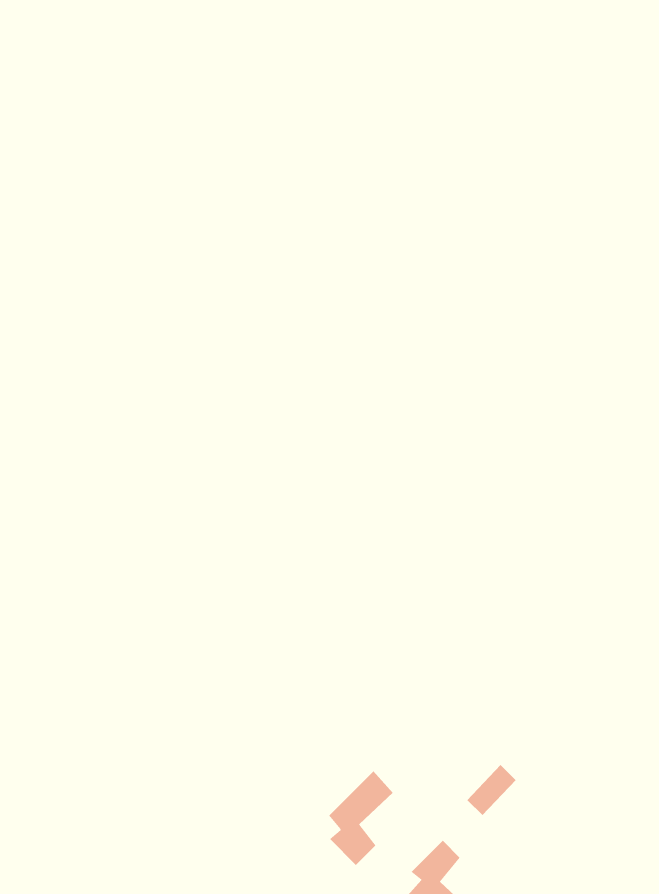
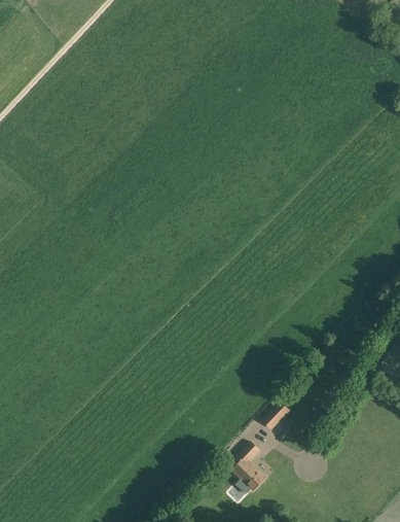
building: [329,771,393,866] -> none

